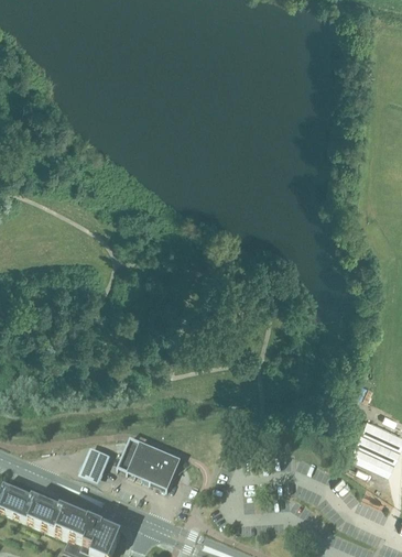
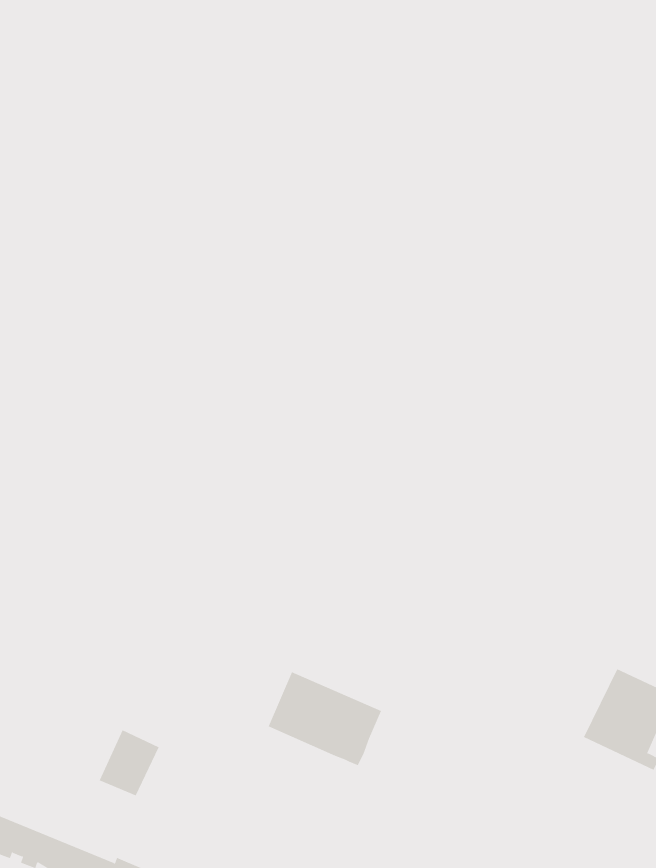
building: [117,435,181,488] -> [268,672,382,766]

